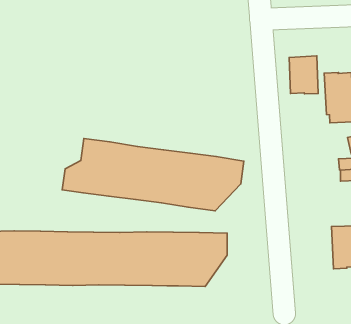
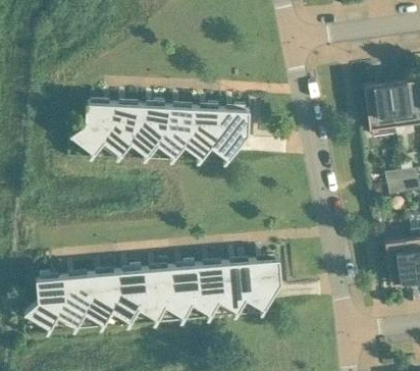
building: [289,56,318,94] -> none
building: [62,138,244,211] -> [70,100,252,161]

